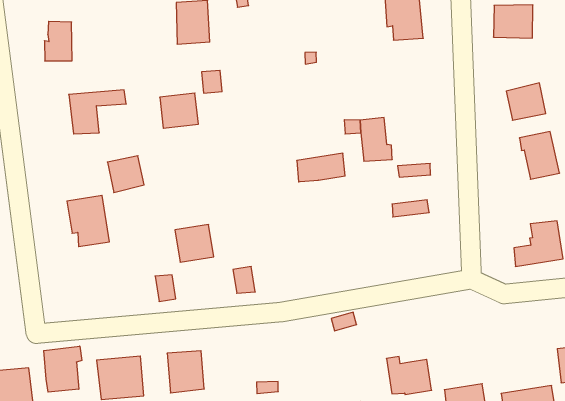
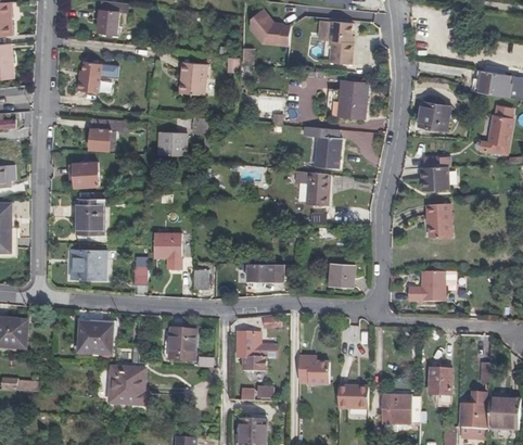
building: none -> [303,126,341,167]
building: [297,153,345,182] -> [246,263,283,280]
building: [107,156,144,193] -> [73,162,98,187]
building: none -> [330,264,354,287]
building: none -> [71,249,105,279]
building: none -> [237,332,276,370]
building: [44,346,82,392] -> none
building: [167,351,204,393] -> [168,328,196,359]

